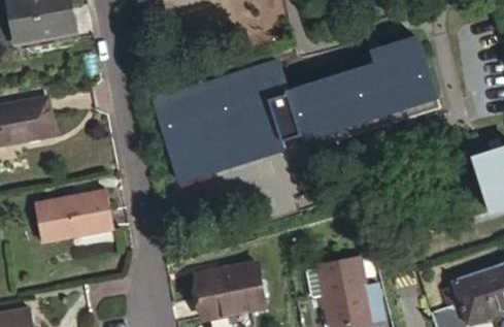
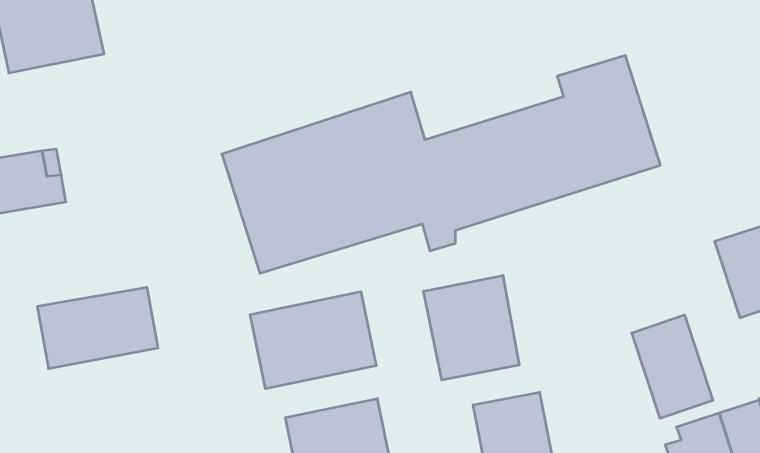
building: none -> [424,275,519,380]
building: none -> [250,292,376,389]
building: none -> [632,315,713,418]

